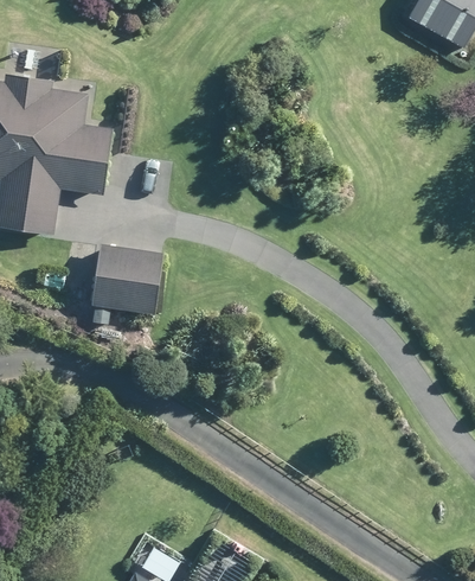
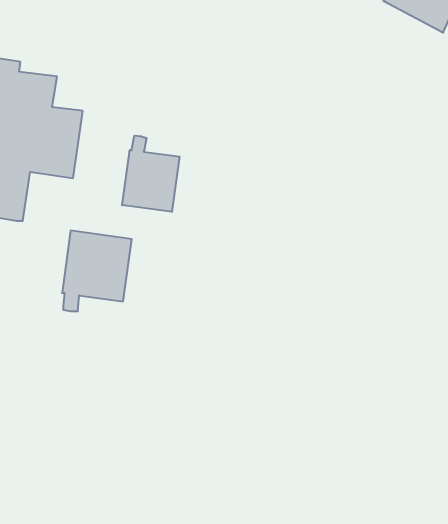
building: none -> [122,136,180,212]

